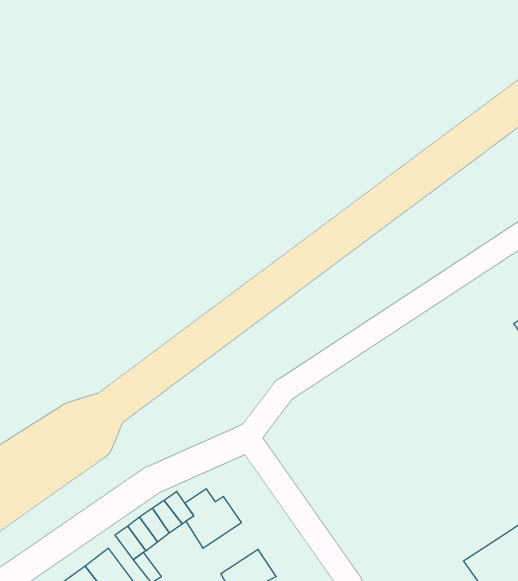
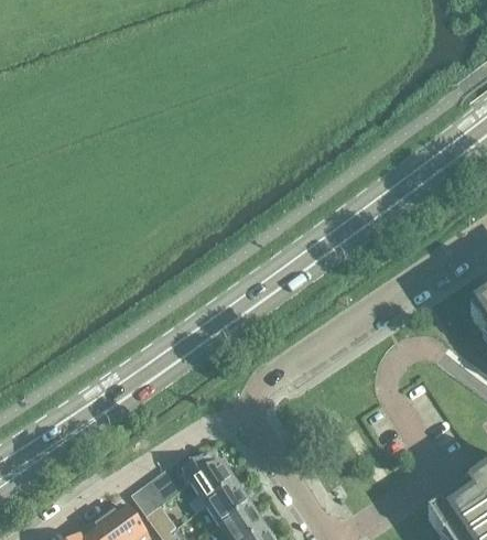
building: none -> [206,486,253,530]

